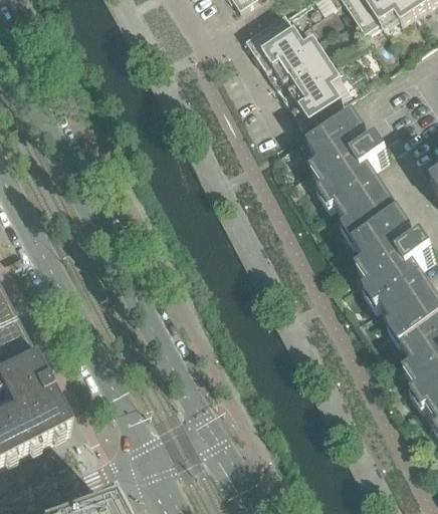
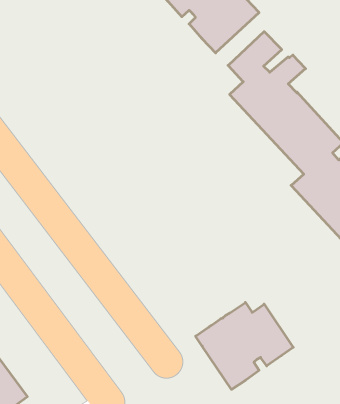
building: none -> [196,302,293,389]

